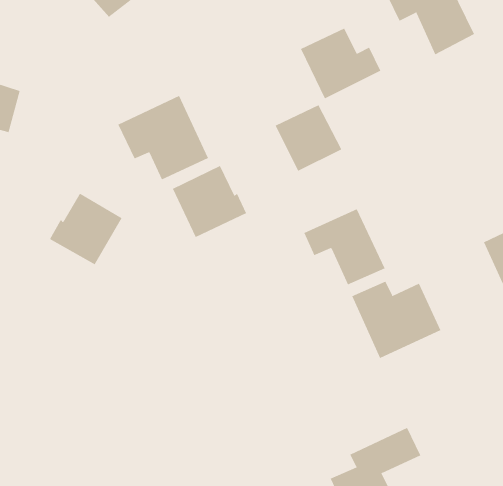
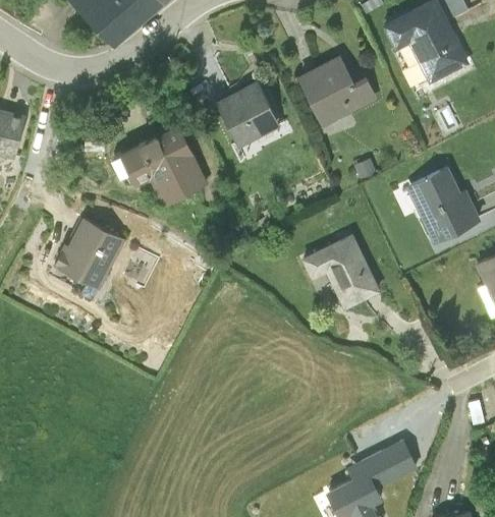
building: [275,104,342,172] -> [215,80,280,146]
building: none -> [406,166,481,241]
building: [172,165,247,238] -> none
building: [351,281,441,359] -> none

